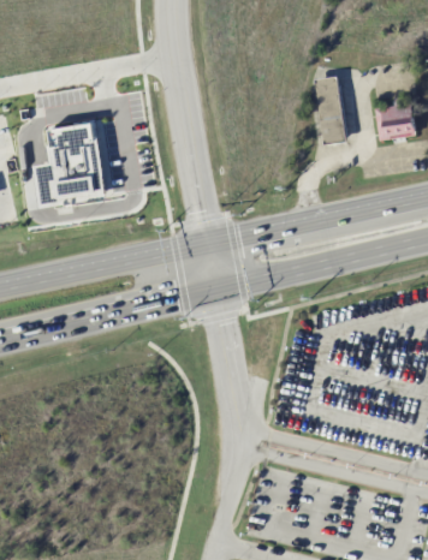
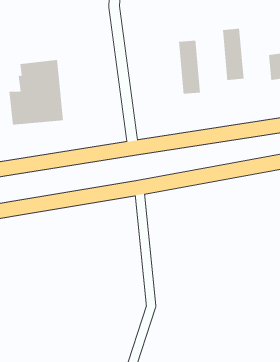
building: none -> [179,40,200,94]

